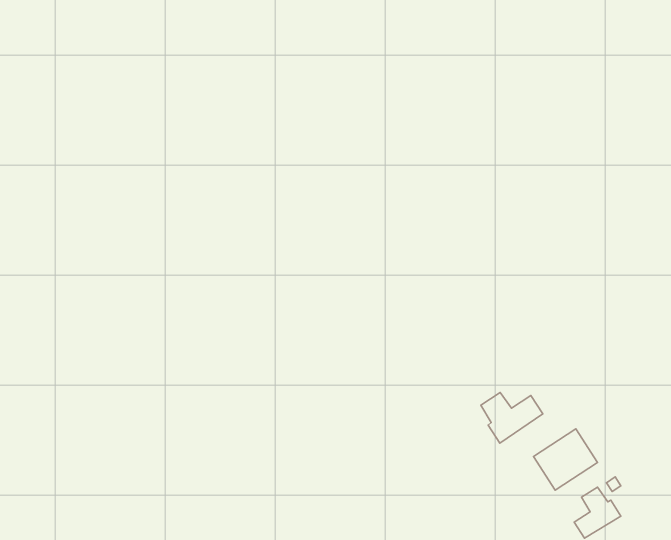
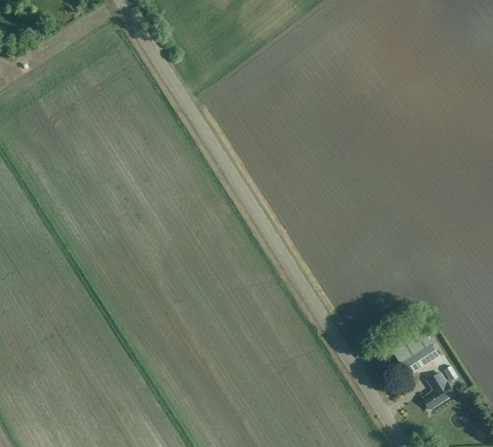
building: [481,392,543,443] -> none

